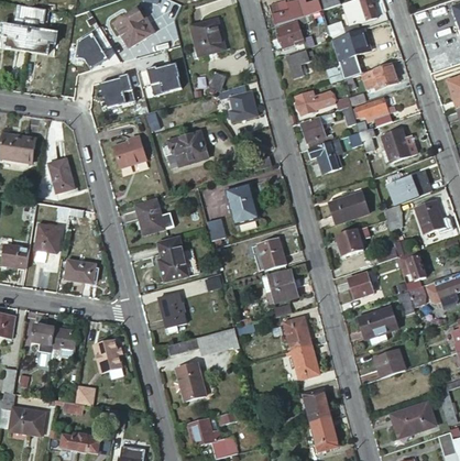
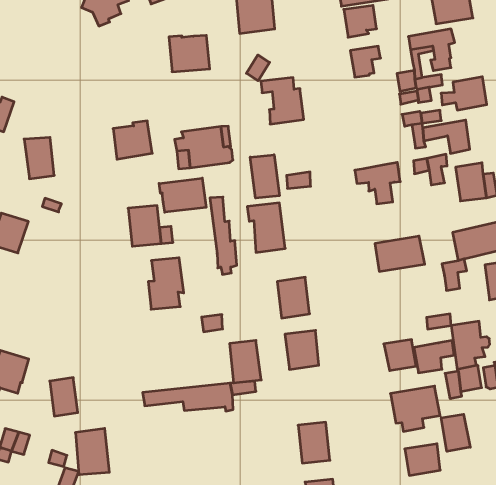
building: [100,73,134,107] -> none
building: [295,91,332,116] -> none
building: [300,111,333,146] -> none
building: none -> [250,155,279,198]
building: none -> [159,178,206,212]
building: [337,226,369,254] -> [414,341,454,373]
building: [61,259,96,284] -> none
building: [158,292,186,326] -> none
building: [283,316,311,351] -> [230,340,261,383]
building: none -> [441,414,470,451]
building: [176,362,207,400] -> [75,428,109,475]

